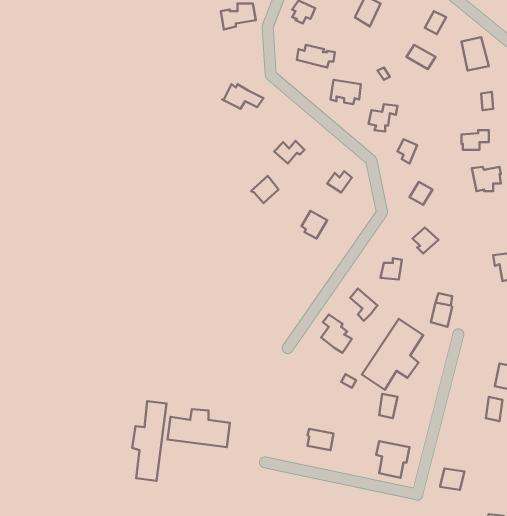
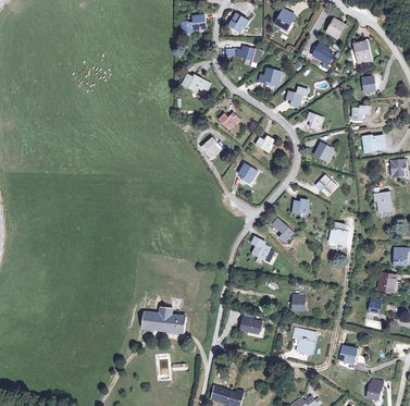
building: [362,319,423,390] -> none
building: [132,401,166,481] -> none

